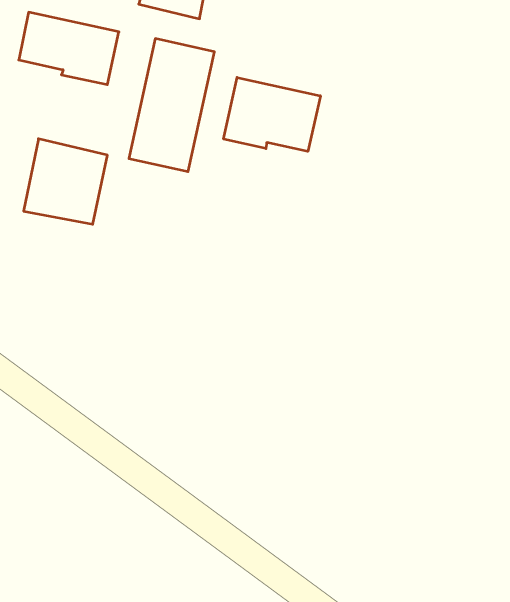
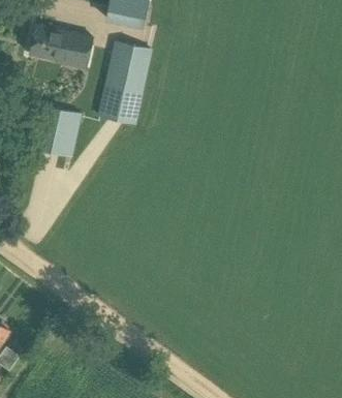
building: [224,77,320,151] -> none

